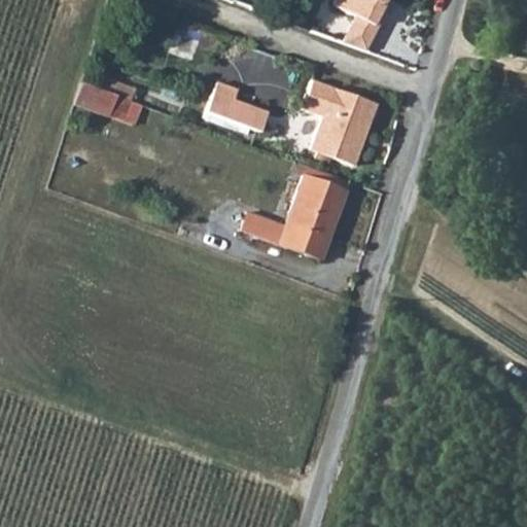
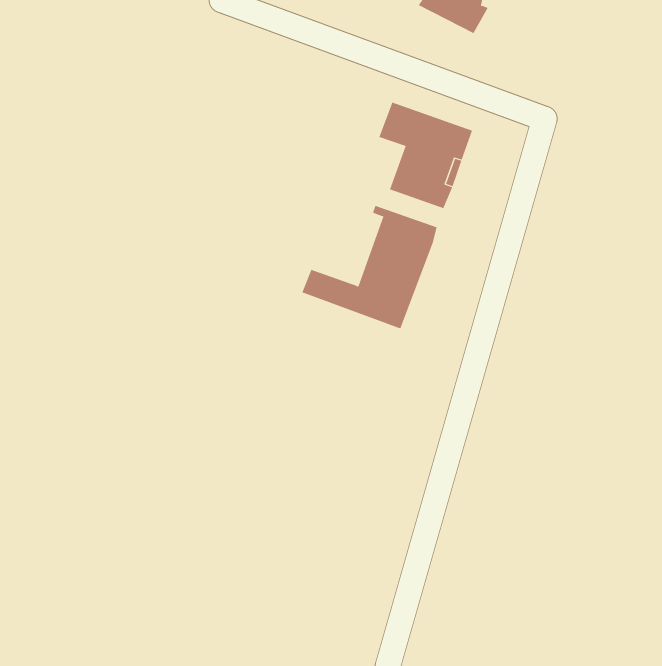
building: [207,81,269,131] -> none
building: [76,82,142,124] -> none

